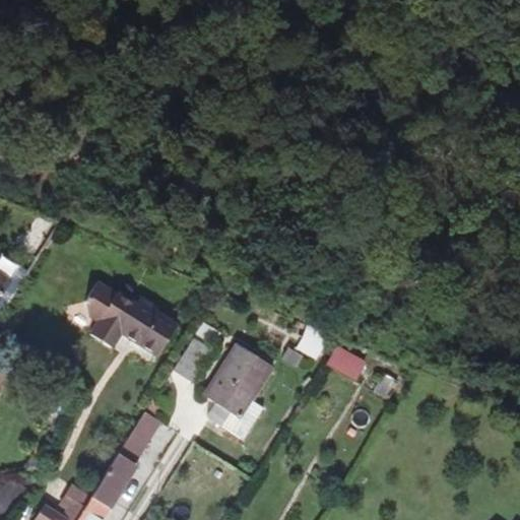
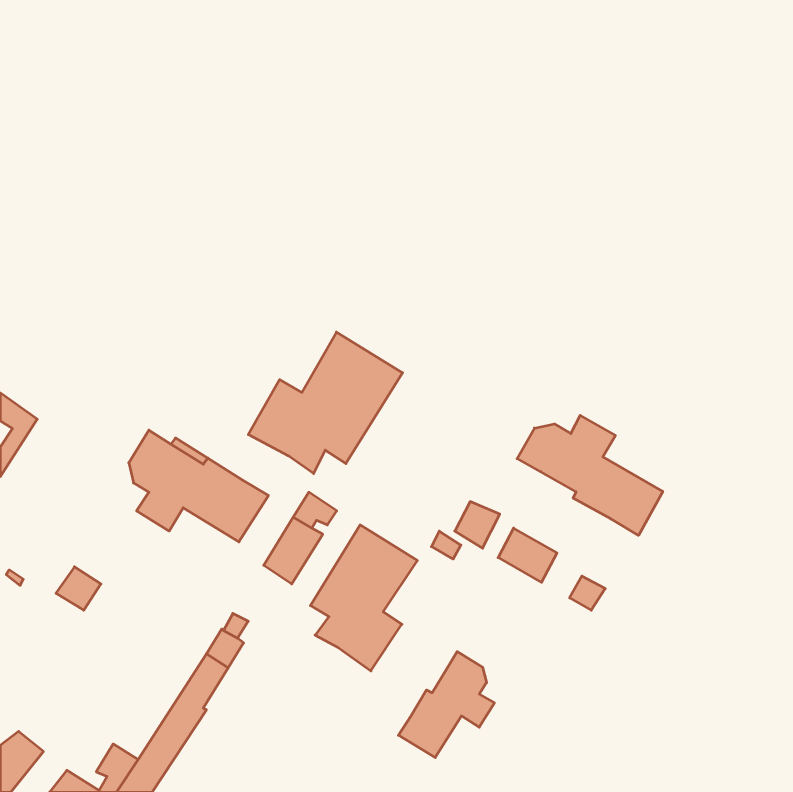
building: none -> [248,332,403,474]
building: none -> [517,415,663,535]
building: none -> [398,652,494,758]

